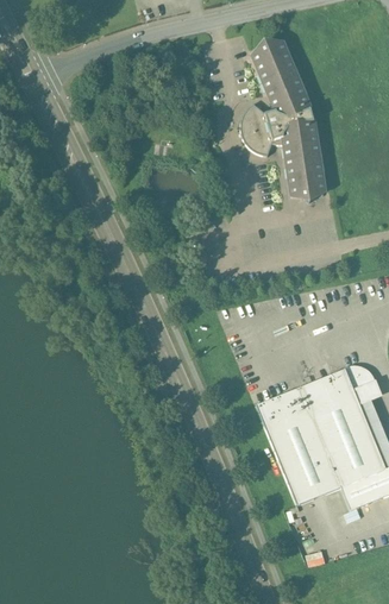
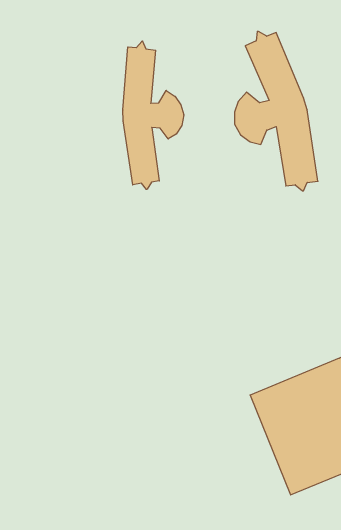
building: none -> [123,41,184,189]

